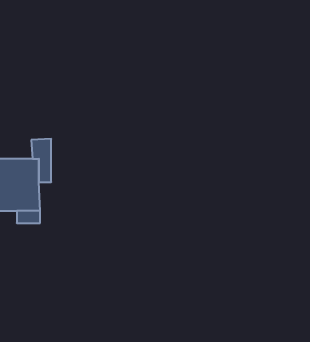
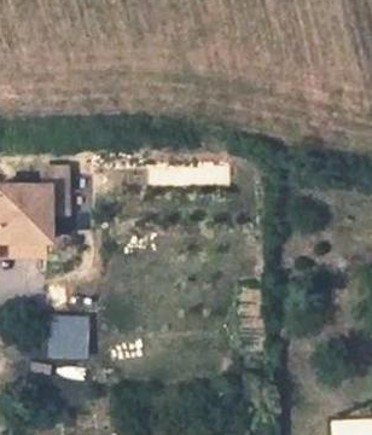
building: none -> [46,309,87,354]

